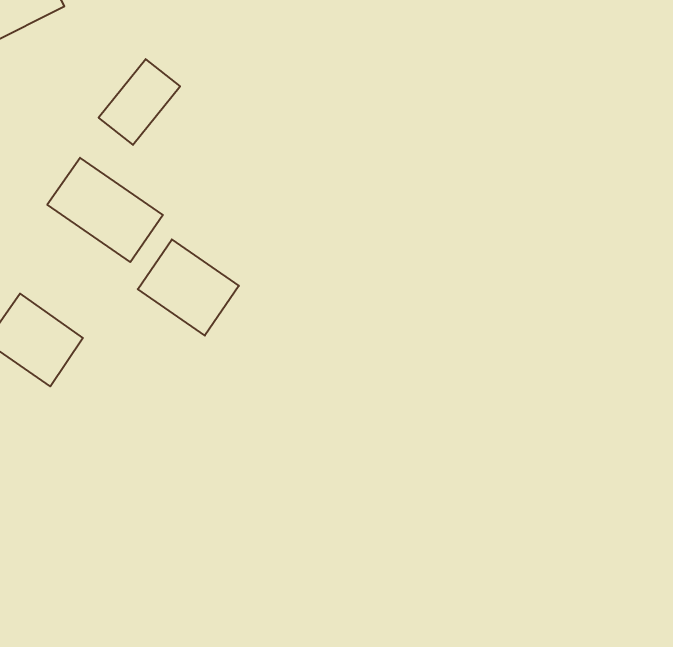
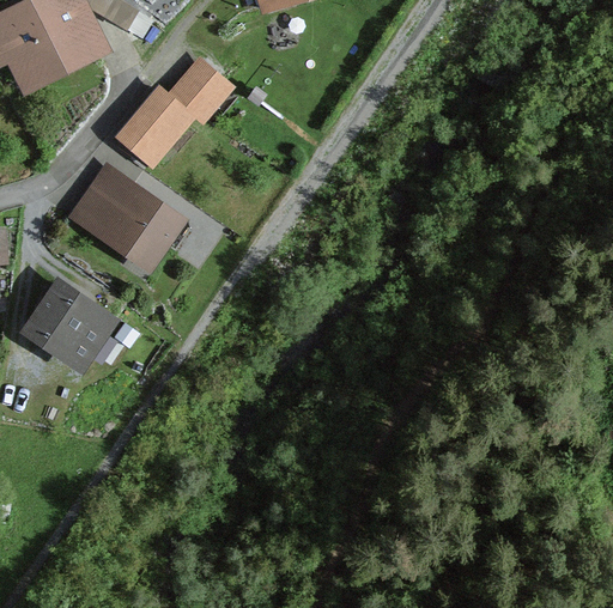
building: none -> [175,65,227,117]
building: [138,239,239,336] -> none

